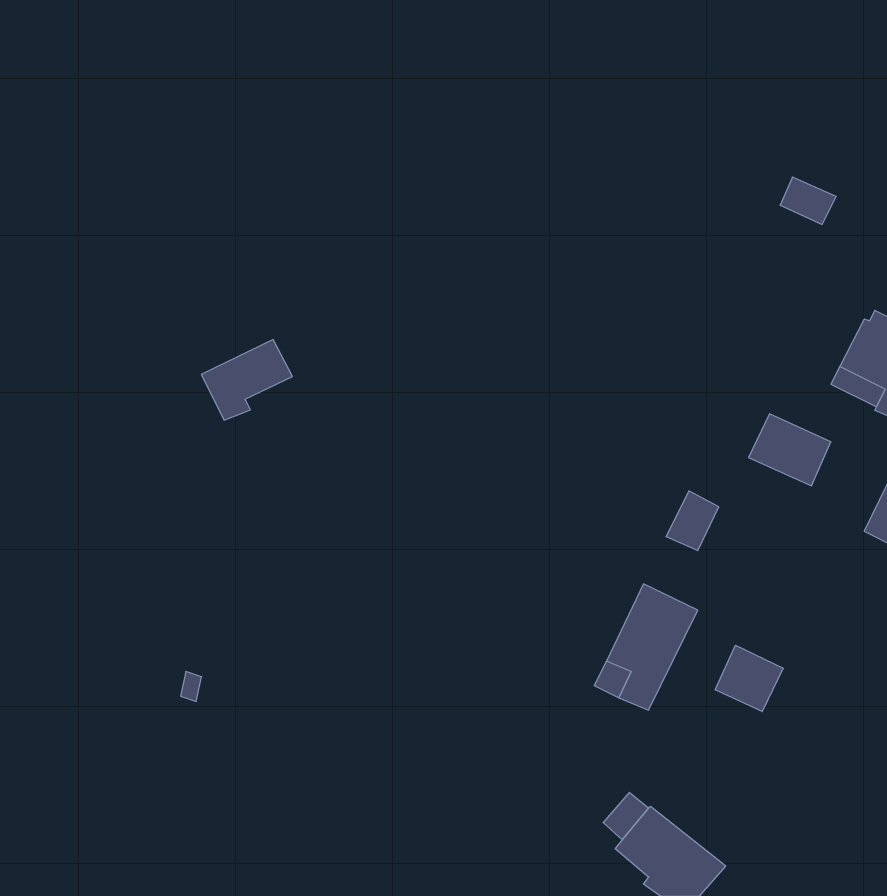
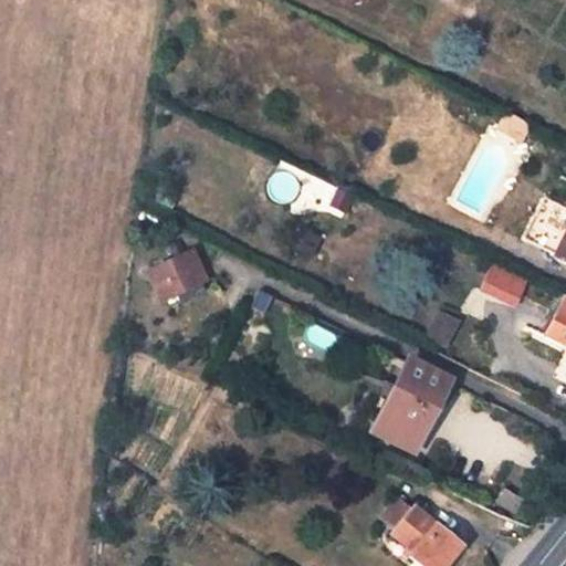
building: [201,340,292,420] -> [149,252,207,303]
building: [715,645,783,712] -> none

